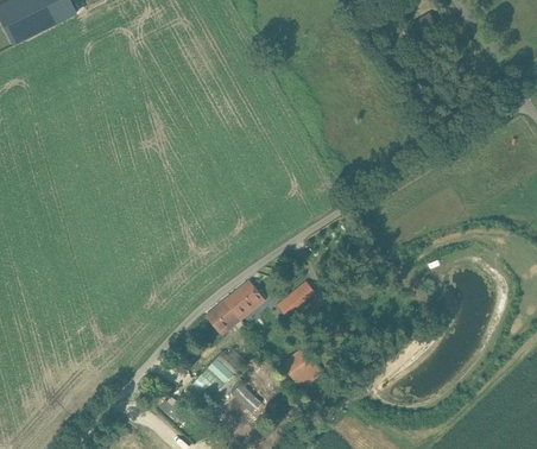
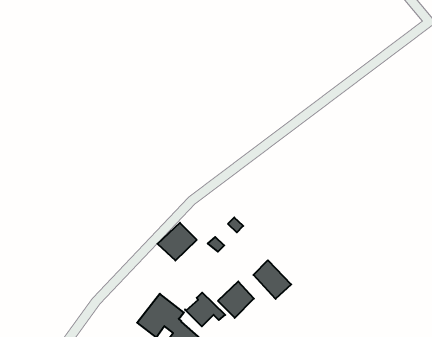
building: [206,299,246,334] -> [185,293,225,326]
building: none -> [253,260,291,299]

